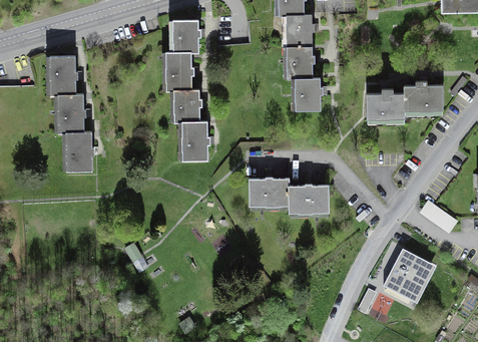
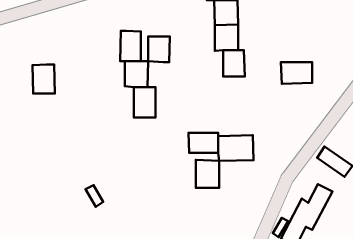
building: [173,22,200,54] -> [148,36,170,62]
building: [48,58,75,96] -> none
building: [406,83,448,110] -> none
building: [64,131,93,174] -> none
building: none -> [196,160,219,188]

